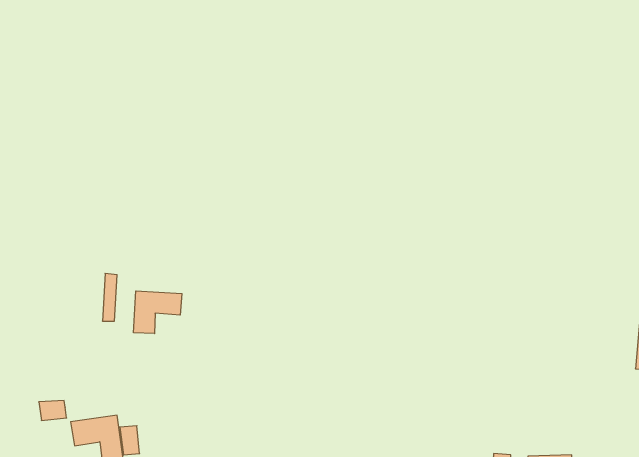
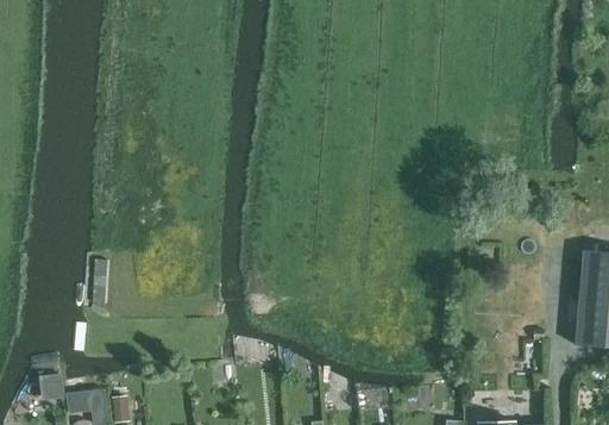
building: [134,291,182,334] -> none

